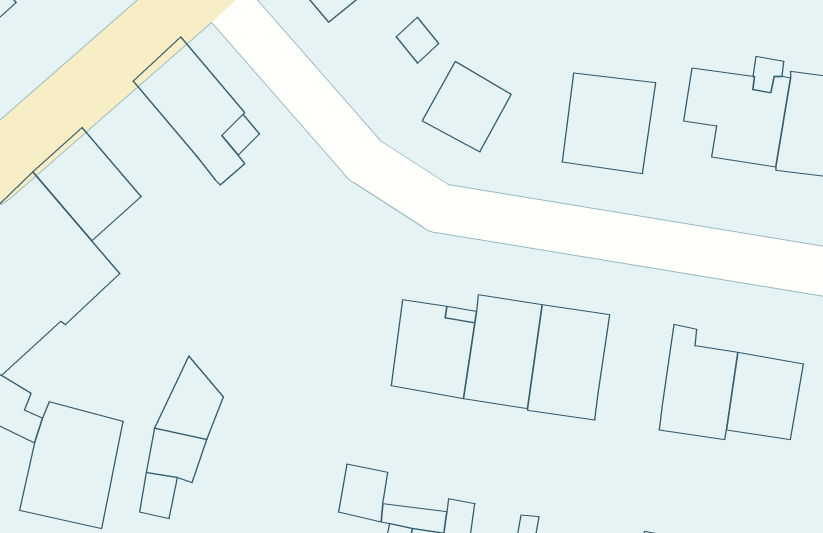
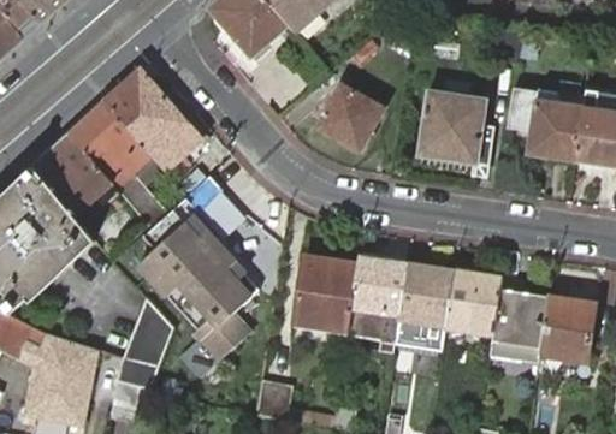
building: none -> [67,99,166,230]
building: none -> [138,228,260,376]
building: none -> [445,269,500,335]

